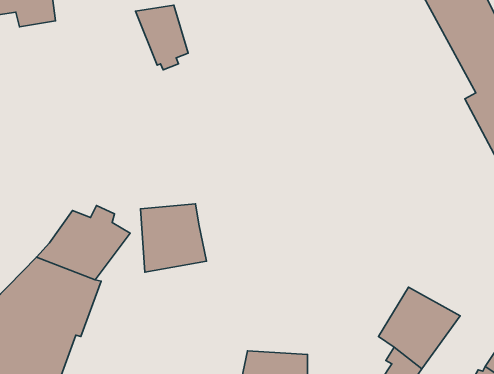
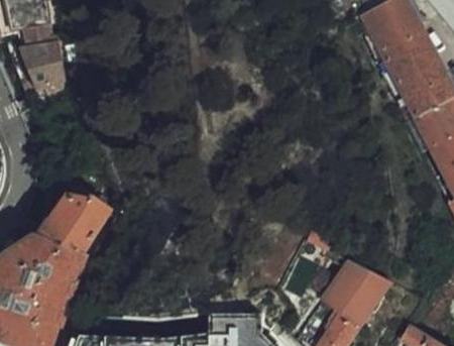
building: [135,5,188,70] -> [19,40,64,95]
building: [140,204,207,272] -> none

